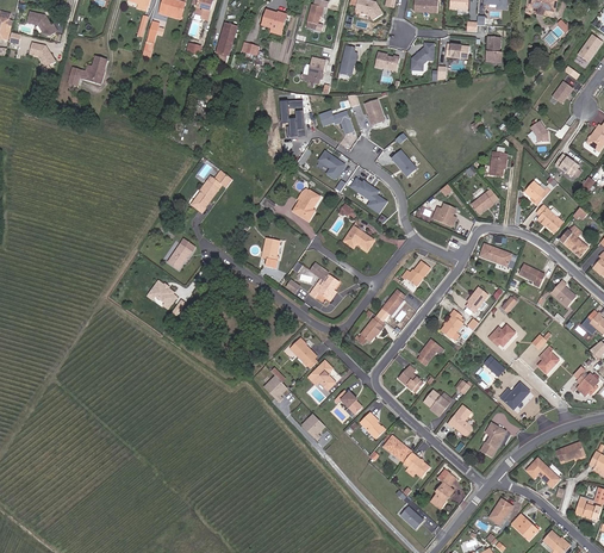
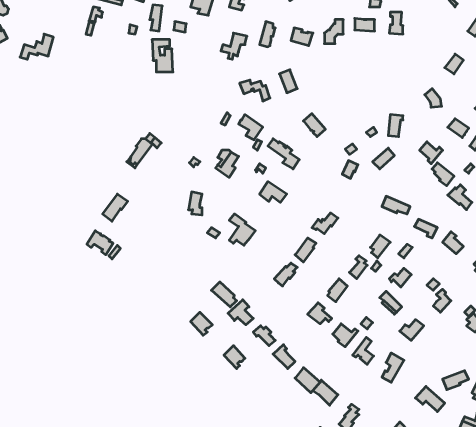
building: [281,98,305,135] -> [152,40,173,72]

